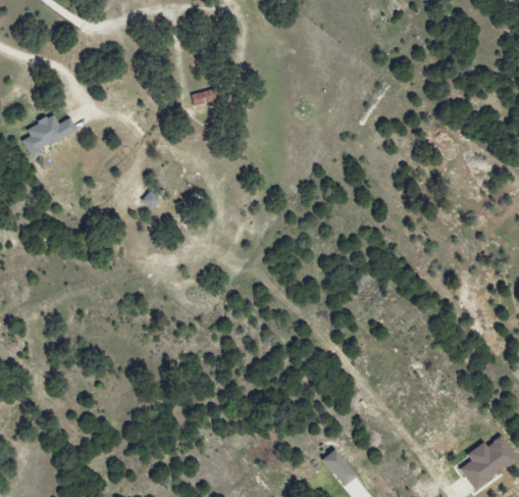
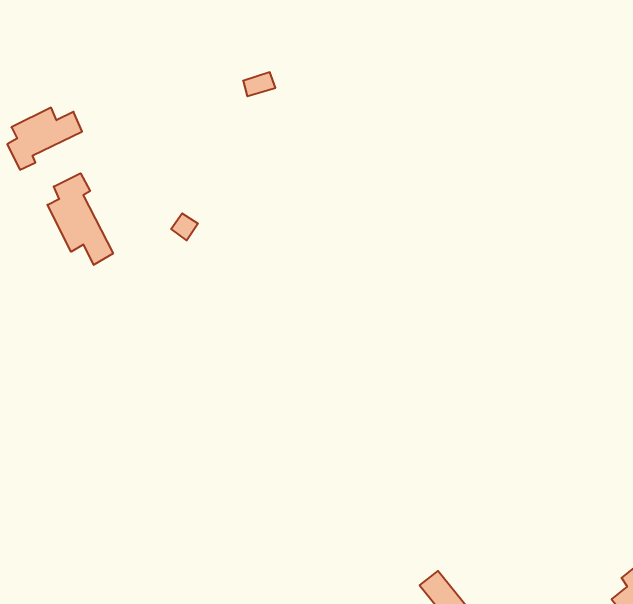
building: none -> [47,173,113,265]

